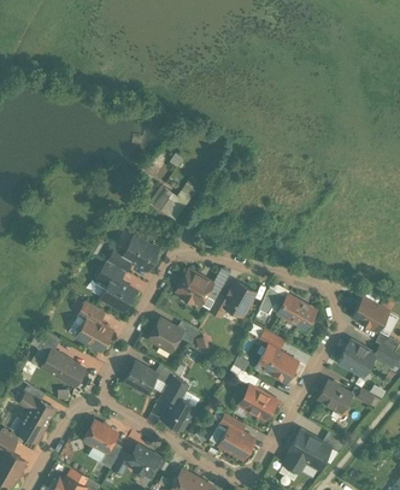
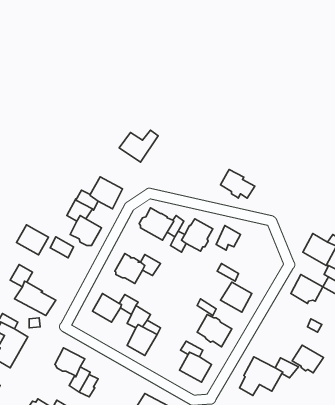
building: [278,295,316,326] -> [220,169,255,198]
building: [77,318,112,350] -> [16,225,49,255]
building: [318,382,352,412] -> [292,345,323,373]
building: [127,445,160,477] -> none

